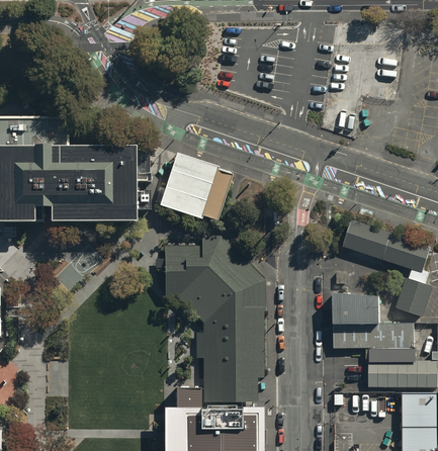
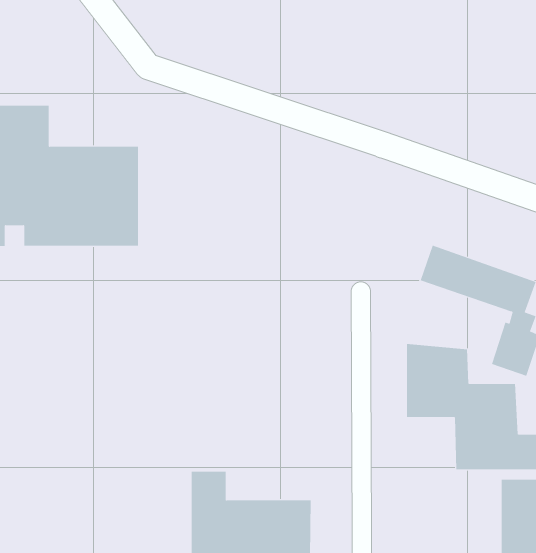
building: [159,154,232,220] -> none
building: [164,236,264,402] -> none

